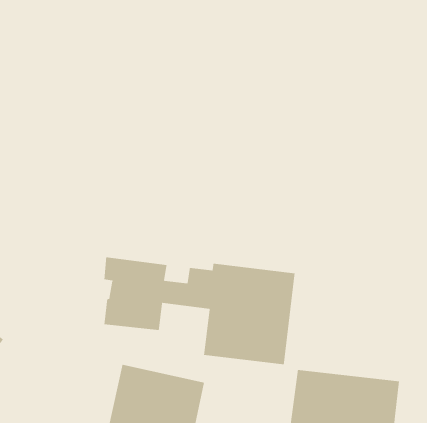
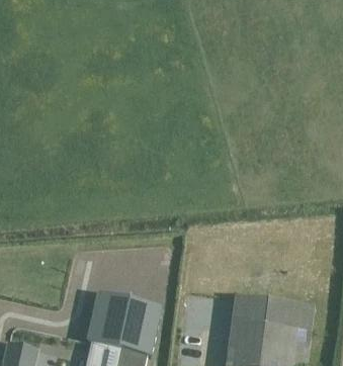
building: [104,257,295,365] -> none

